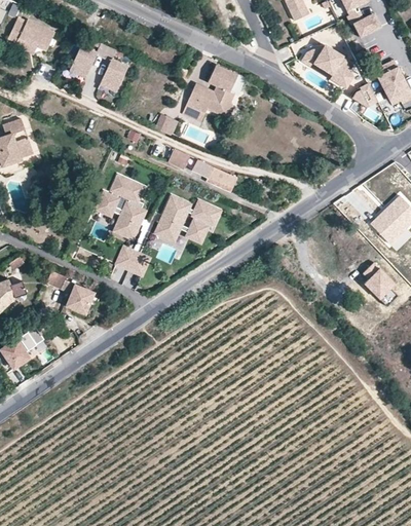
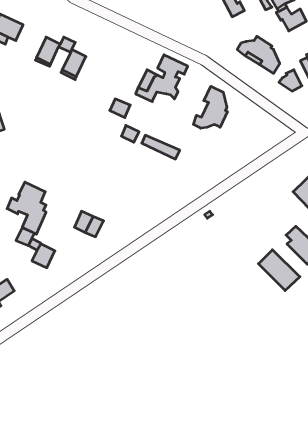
building: none -> [193,86,227,128]
building: [97,175,142,235] -> [7,182,46,234]
building: [157,196,218,238] -> none
building: none -> [258,250,300,291]

